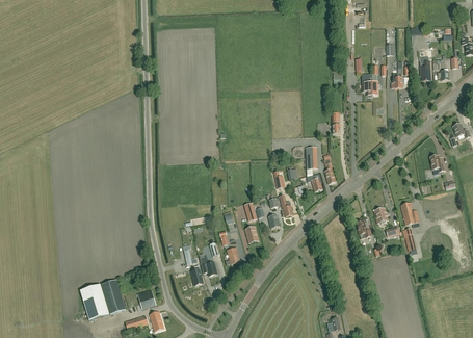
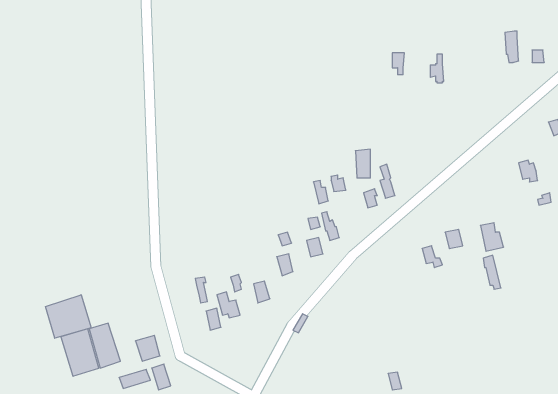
building: none -> [46,295,91,338]

